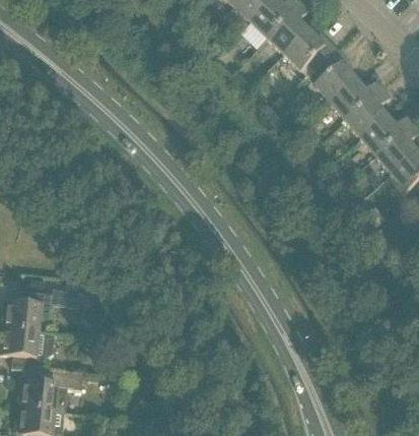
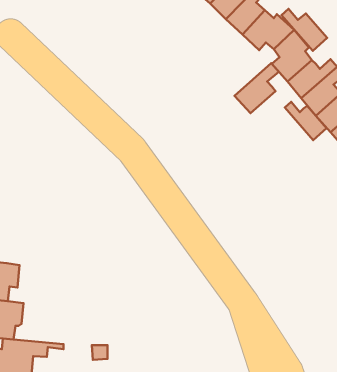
building: none -> [282,9,327,51]
building: none -> [234,63,279,113]
building: none -> [285,102,326,140]

